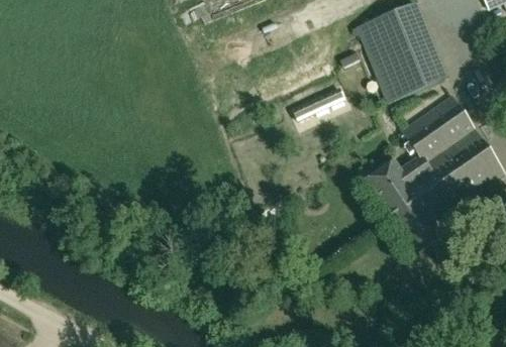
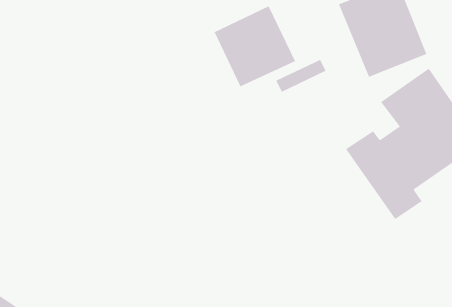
building: none -> [214,6,296,87]

